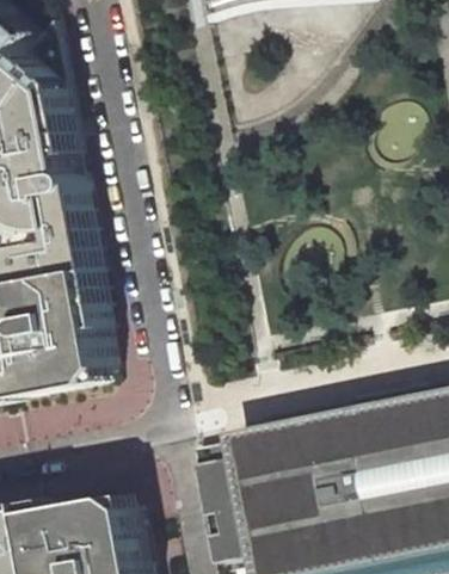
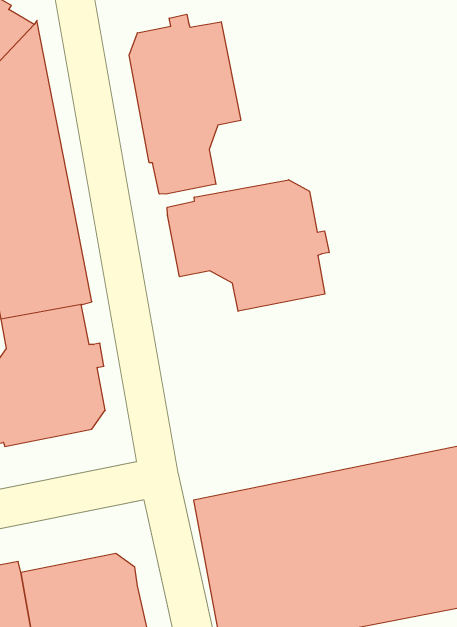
building: none -> [129,14,241,194]
building: none -> [167,180,329,311]

